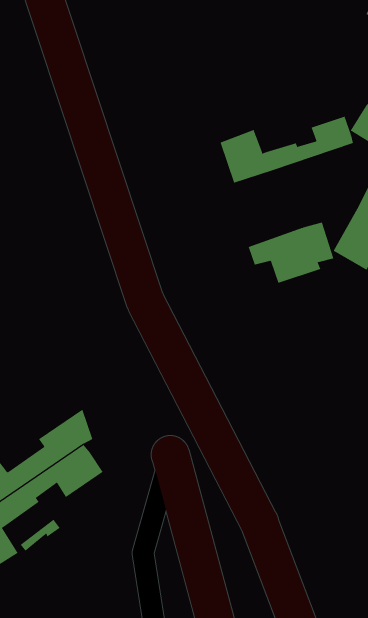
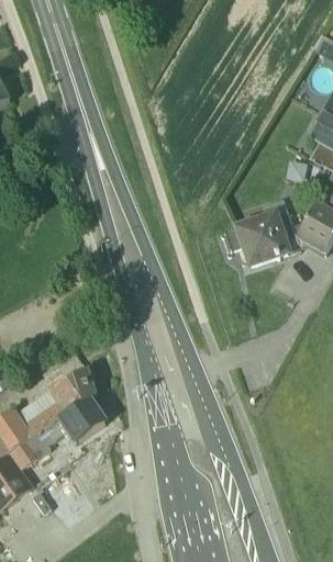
building: [220,116,354,183] -> none

